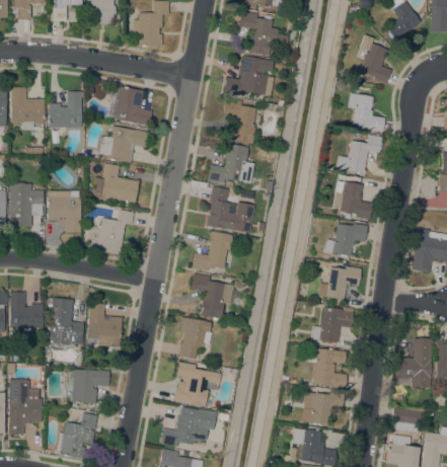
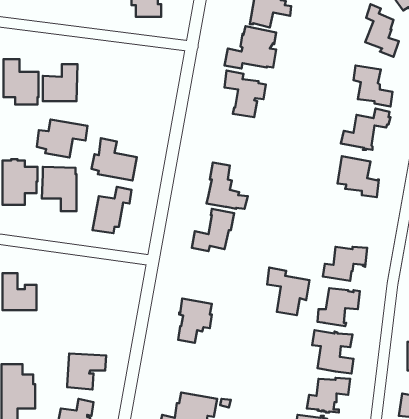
building: [107,86,146,124] -> none
building: [99,126,148,162] -> [37,119,88,157]
building: [208,143,253,183] -> none
building: [324,223,367,256] -> none
building: [192,273,232,318] -> [267,268,309,315]
building: [49,297,84,344] -> none
building: [87,302,122,347] -> none
building: [175,361,220,406] -> none

